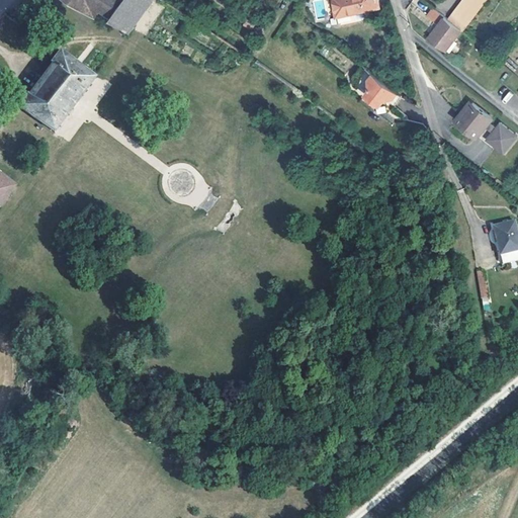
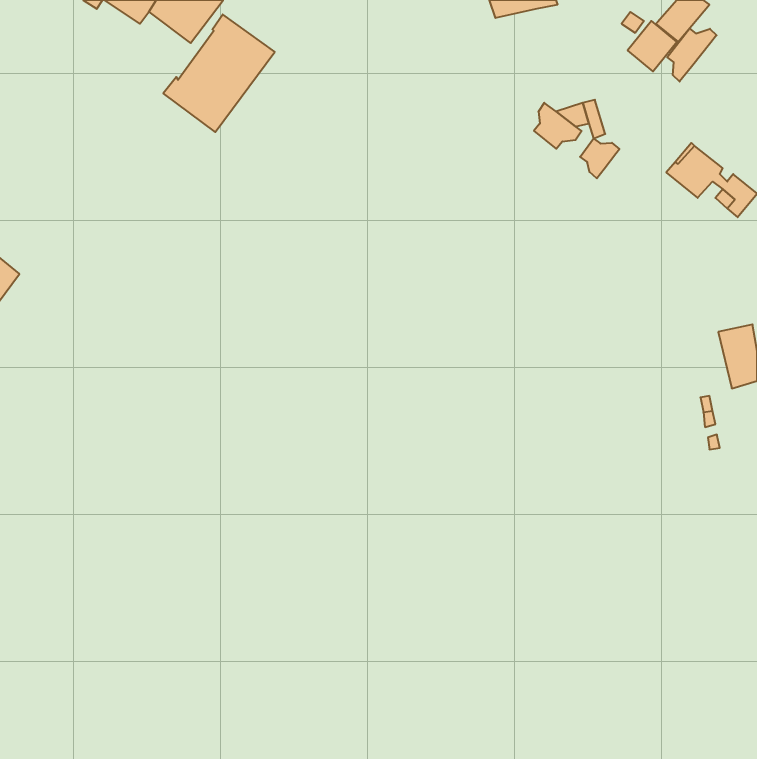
building: none -> [667,28,717,82]
building: [17,54,93,134] -> [163,14,275,132]
building: none -> [580,138,619,178]

